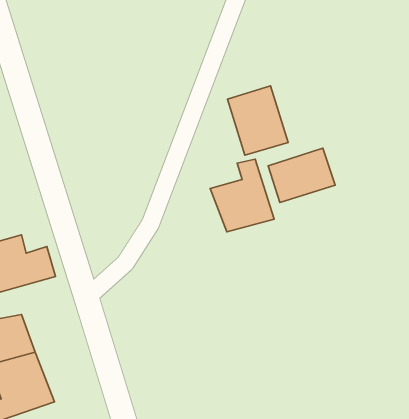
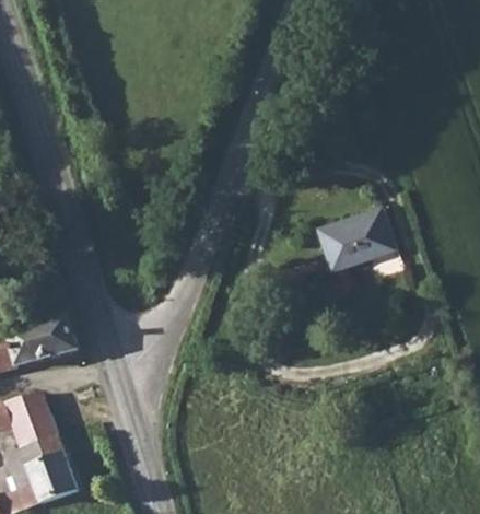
building: [228,86,288,155] -> none
building: [210,159,274,232] -> none

